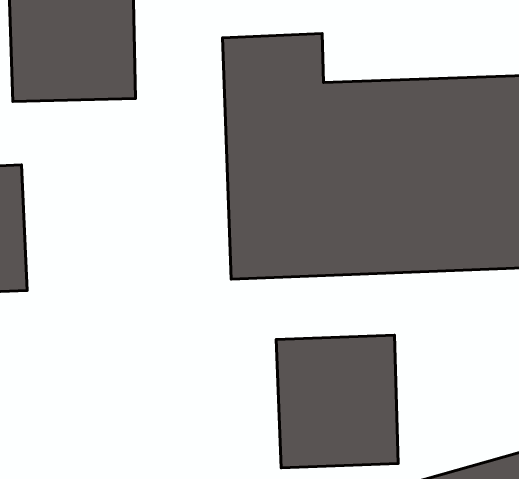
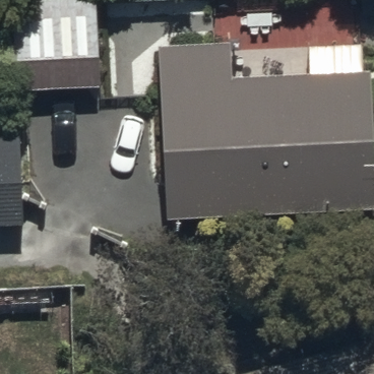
building: [276,335,398,468] -> none

